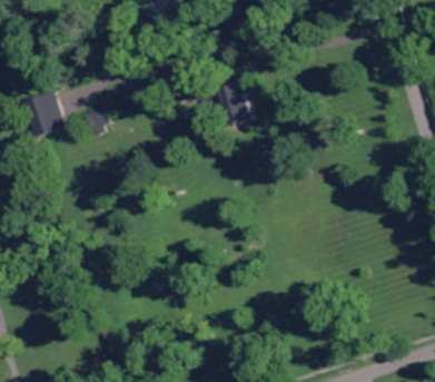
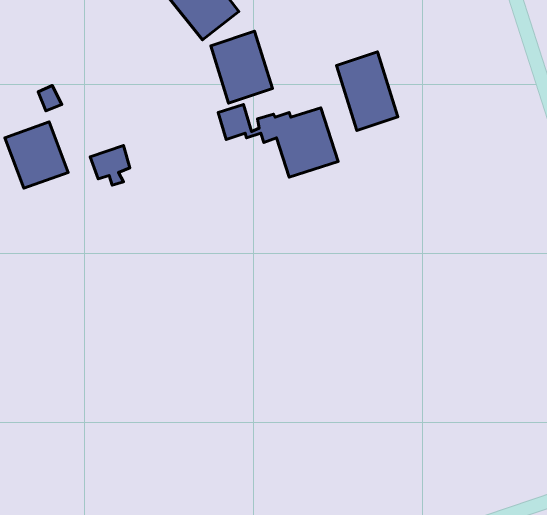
building: none -> [211,31,272,103]
building: none -> [337,52,398,131]

